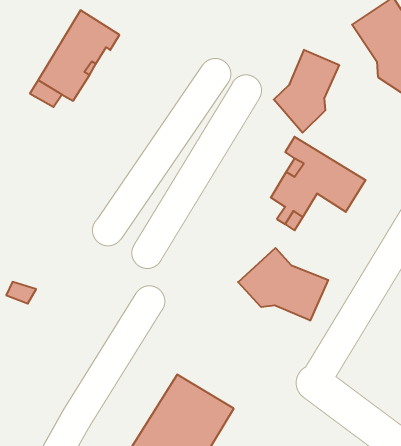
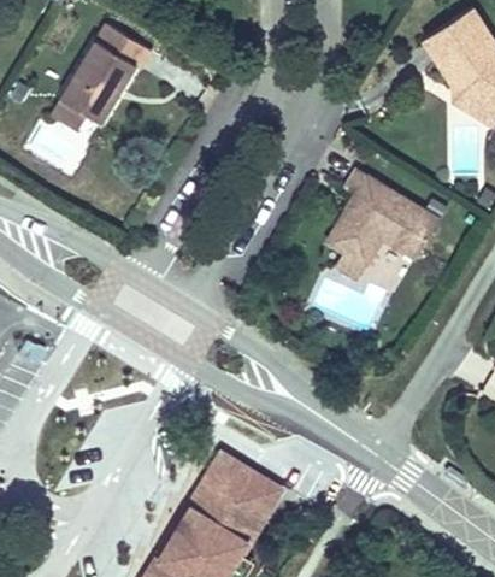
building: [274,50,339,133] -> none
building: [238,248,328,321] -> none

